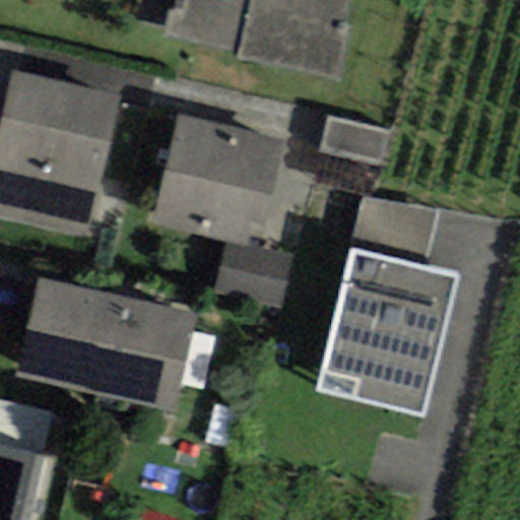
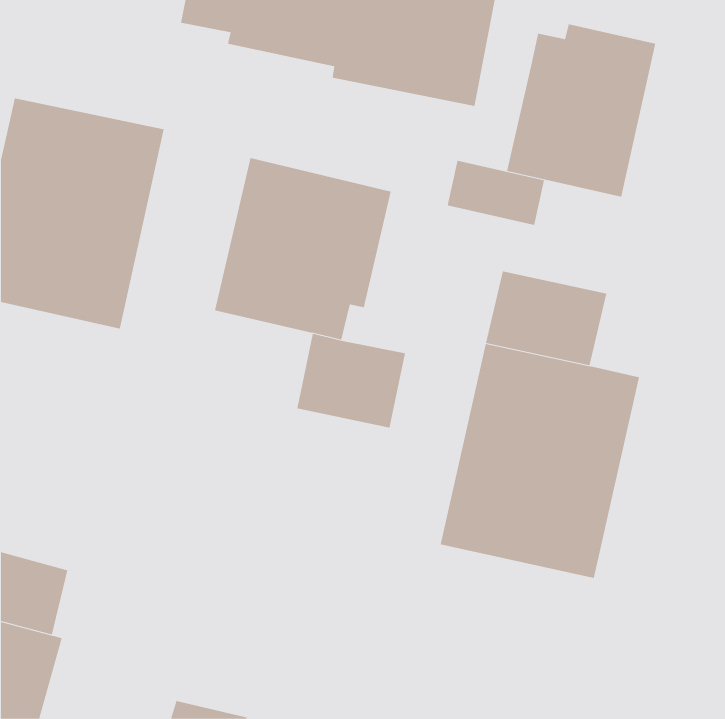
building: none -> [507,23,656,198]
building: [15,274,195,409] -> none

